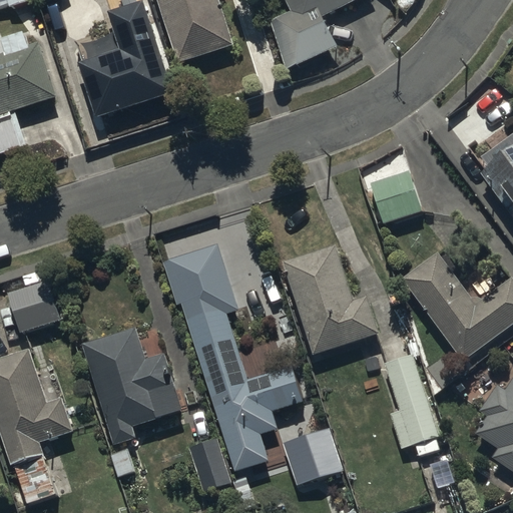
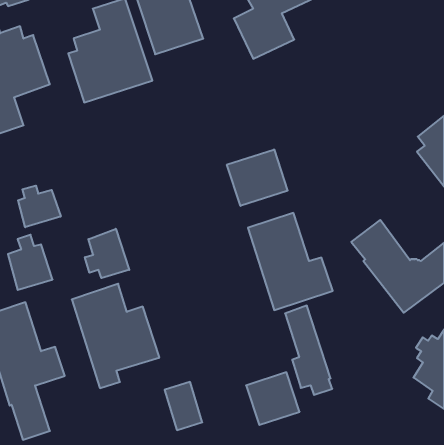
building: [368,169,421,223] -> none
building: none -> [227,149,288,206]
building: none -> [18,186,61,227]
building: [162,244,305,472] -> none
building: none -> [85,229,129,278]
building: [384,353,438,455] -> [285,306,332,395]

